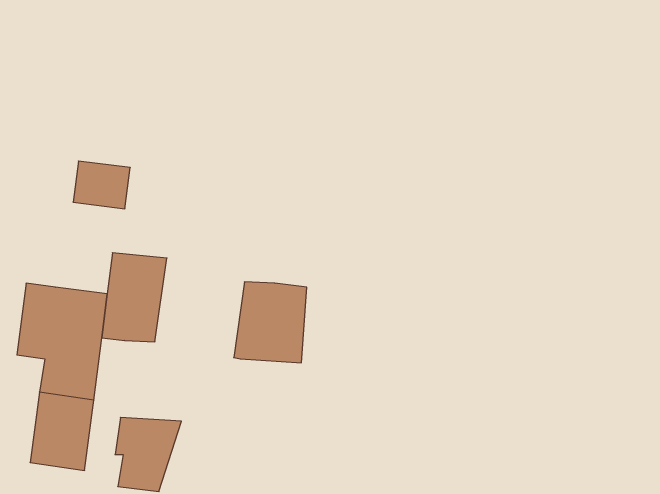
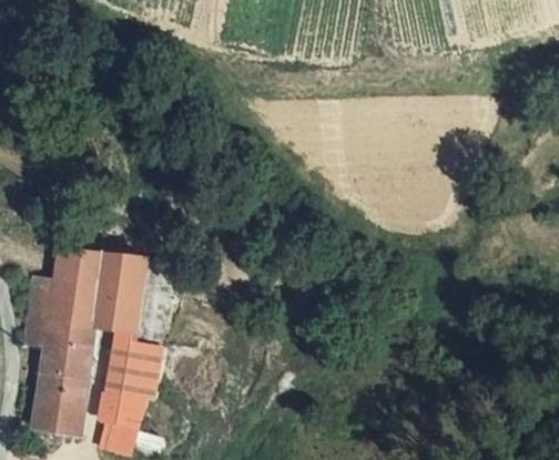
building: [73,161,130,209] -> [53,249,101,289]
building: [234,282,307,363] -> [102,328,163,396]

